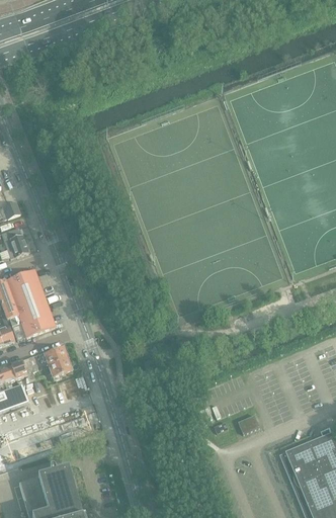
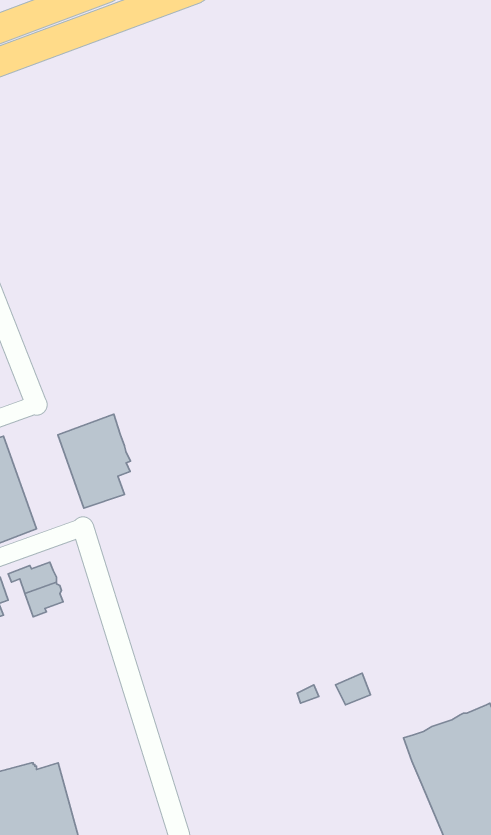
building: none -> [58,414,130,508]

